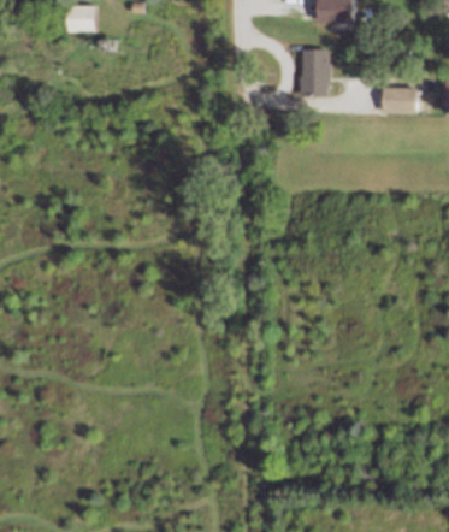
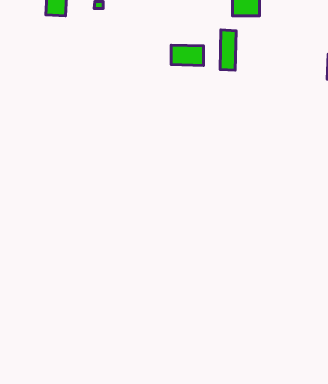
building: none -> [171,45,203,65]
building: [384,89,419,116] -> none

